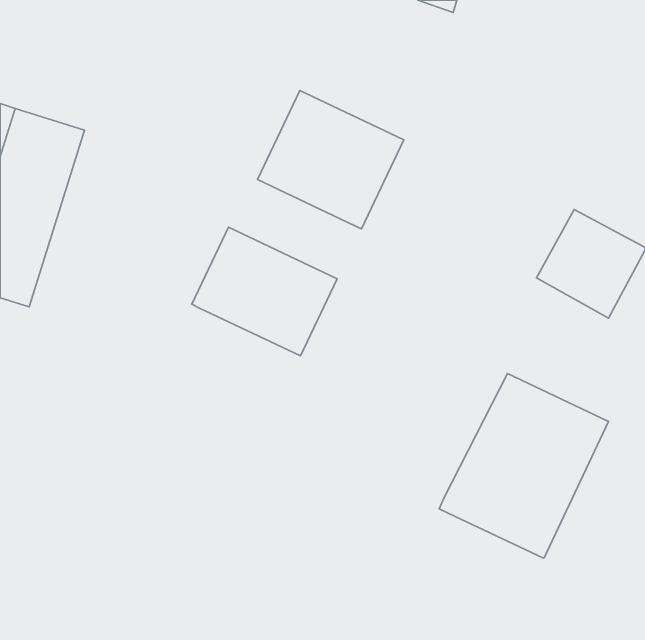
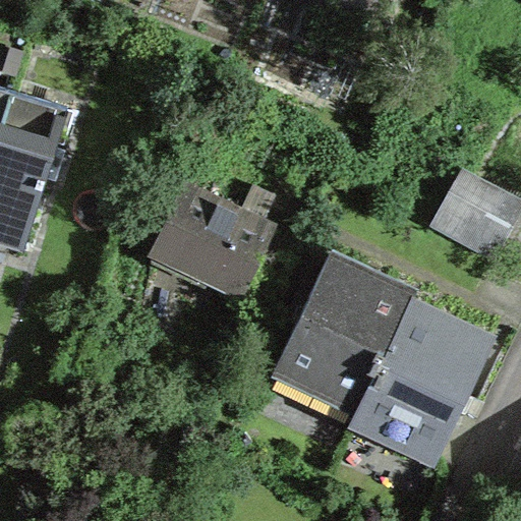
building: [257,90,404,229] -> none
building: none -> [276,256,414,405]

